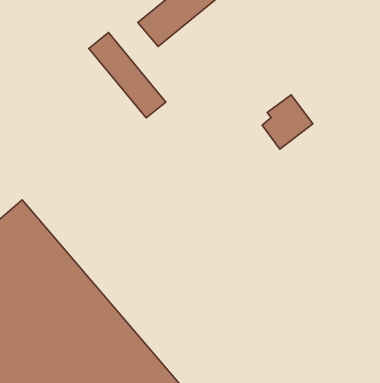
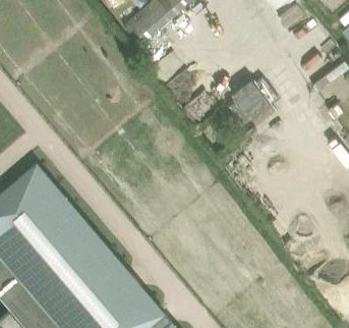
building: [89,33,166,118] -> none

